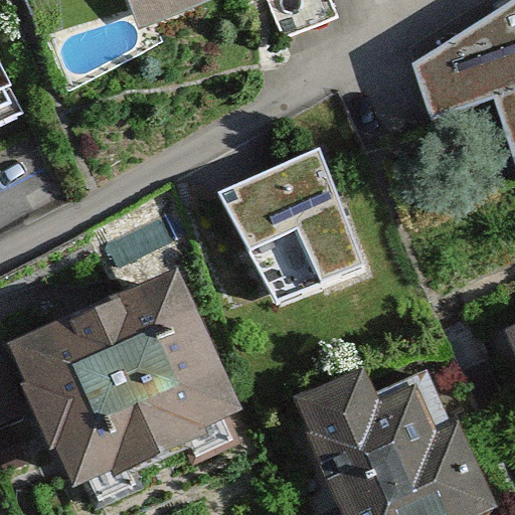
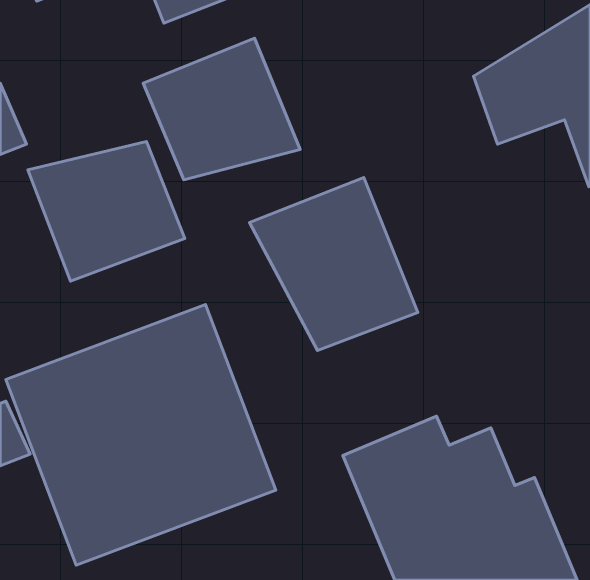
building: none -> [143,38,300,180]
building: none -> [28,141,185,281]

